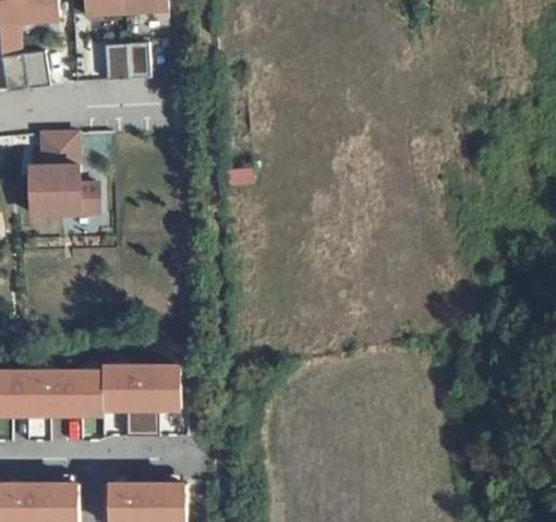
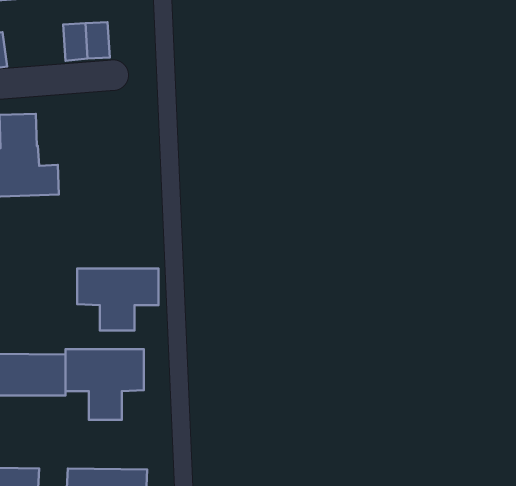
building: none -> [77,269,158,330]

